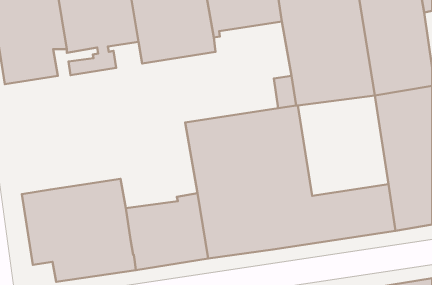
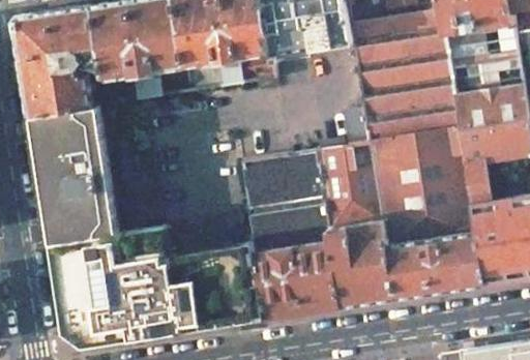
building: none -> [30,107,116,244]
building: none -> [369,130,473,246]

